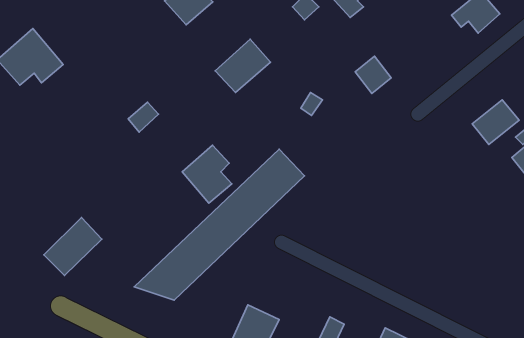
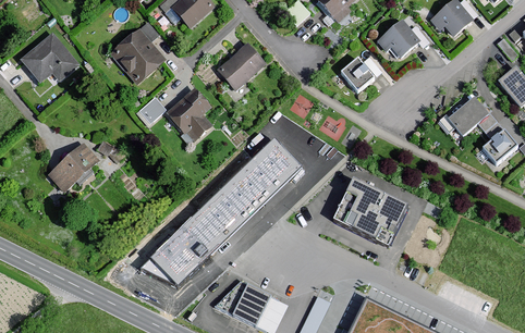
building: none -> [377,18,419,57]
building: none -> [112,23,166,83]
building: [182,145,232,203] -> [168,90,212,143]
building: none -> [335,180,407,243]
building: [44,217,102,275] -> [48,141,100,194]

